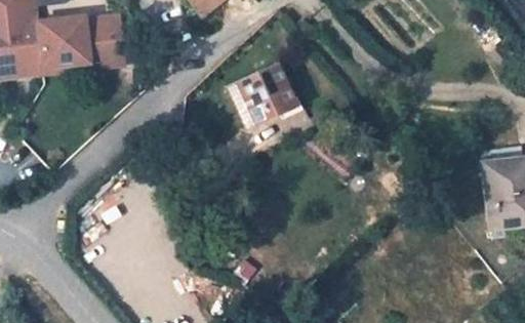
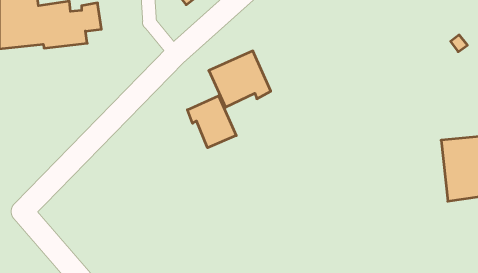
building: none -> [187,96,236,148]

